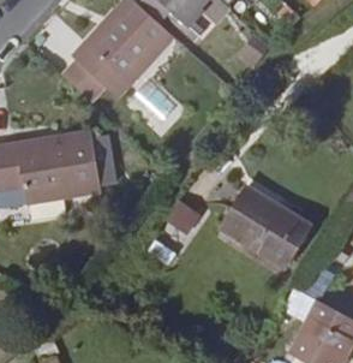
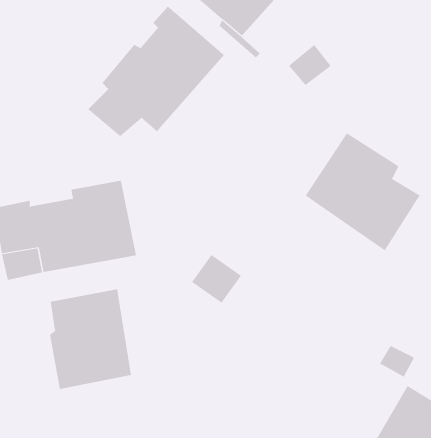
building: [222,175,312,268] -> [305,132,421,251]
building: none -> [49,289,132,390]

